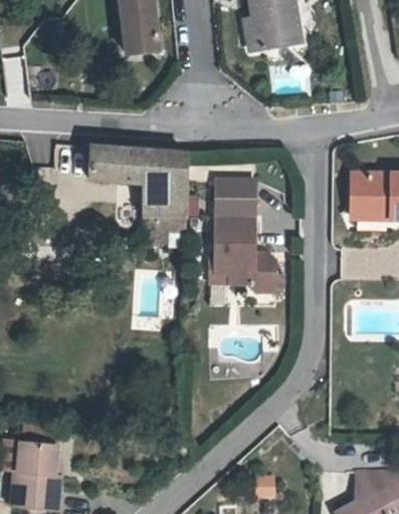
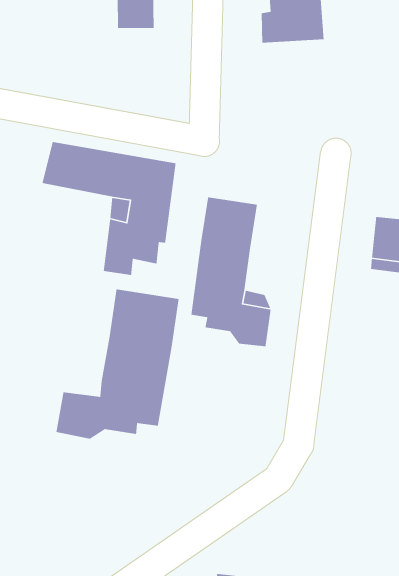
building: none -> [56,289,179,439]

